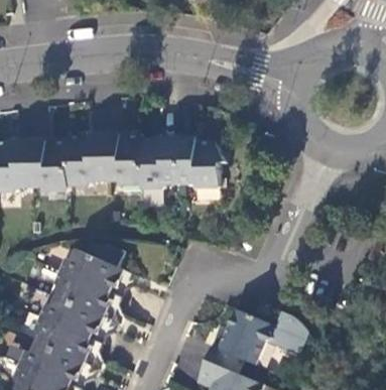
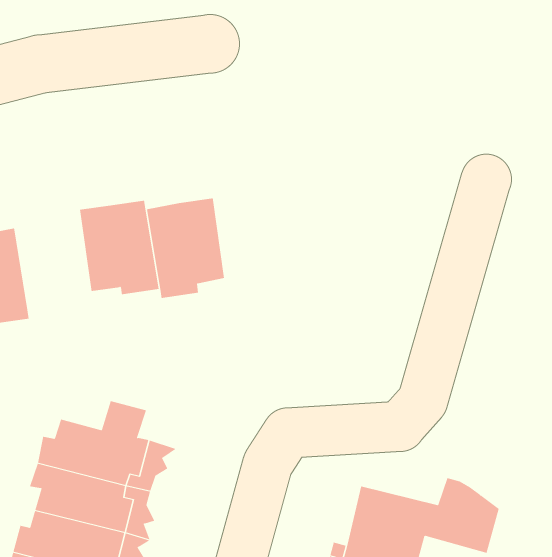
building: [66,136,102,186] -> none
building: [175,140,216,189] -> none

